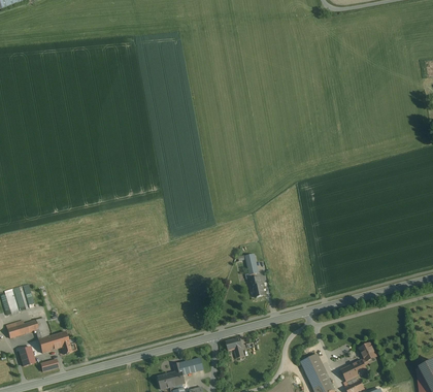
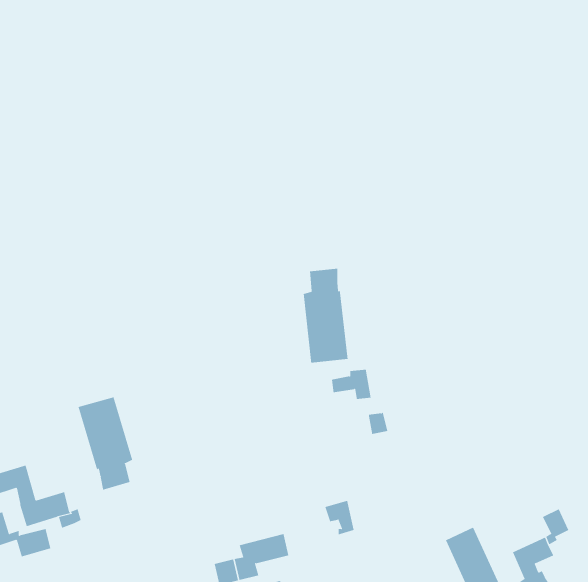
building: none -> [303,268,348,363]
building: none -> [78,396,133,490]

